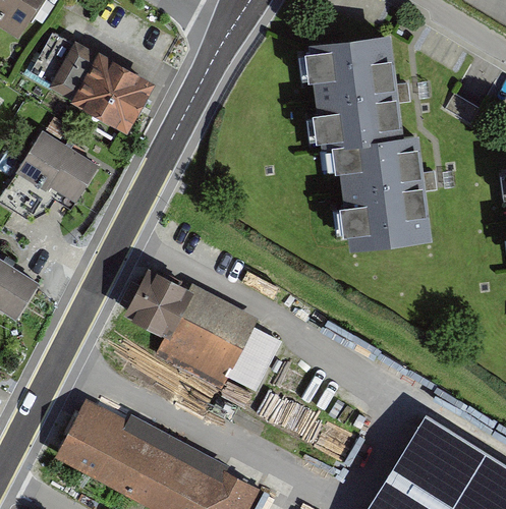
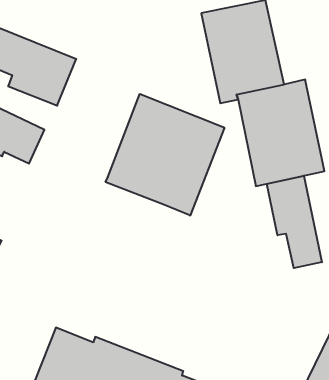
building: none -> [106,94,224,216]
building: none -> [267,176,322,268]
building: [120,275,276,387] -> none

